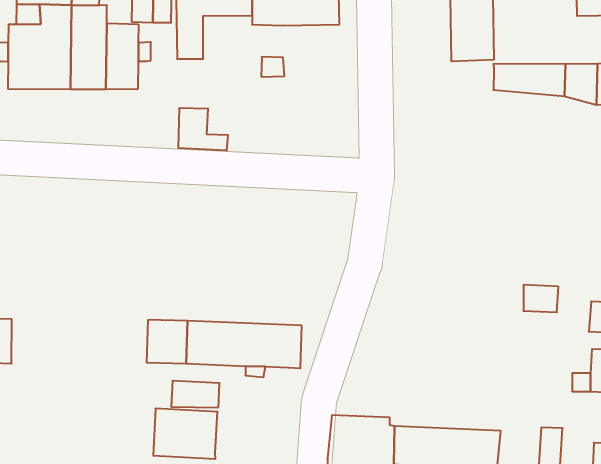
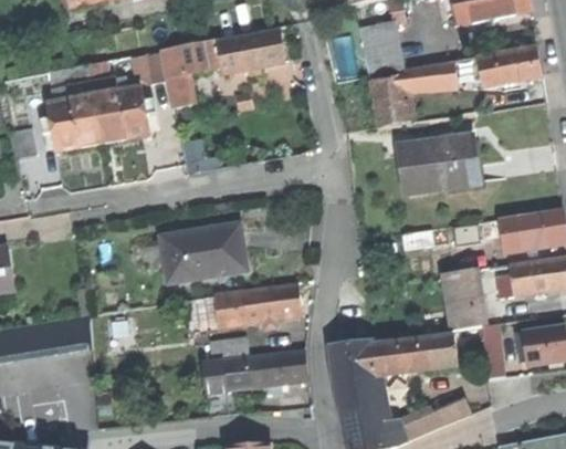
building: none -> [371,75,411,127]
building: none -> [398,136,479,192]
building: none -> [161,227,247,282]
building: none -> [444,269,483,331]
building: none -> [248,351,307,387]

